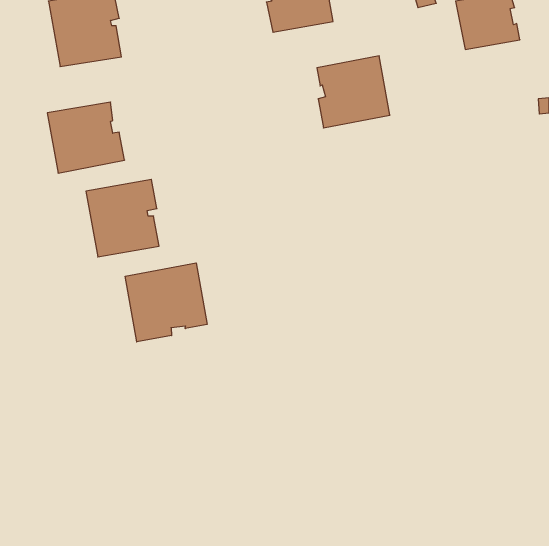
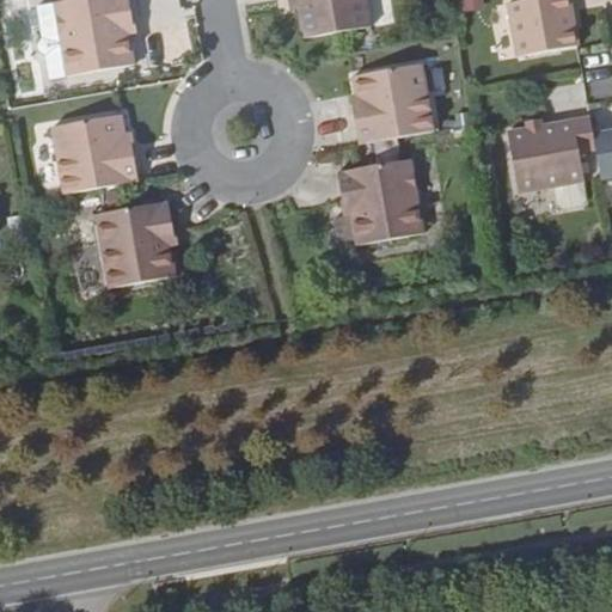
building: none -> [507,116,595,191]
building: none -> [338,157,424,243]
building: [125,263,207,342] -> none

